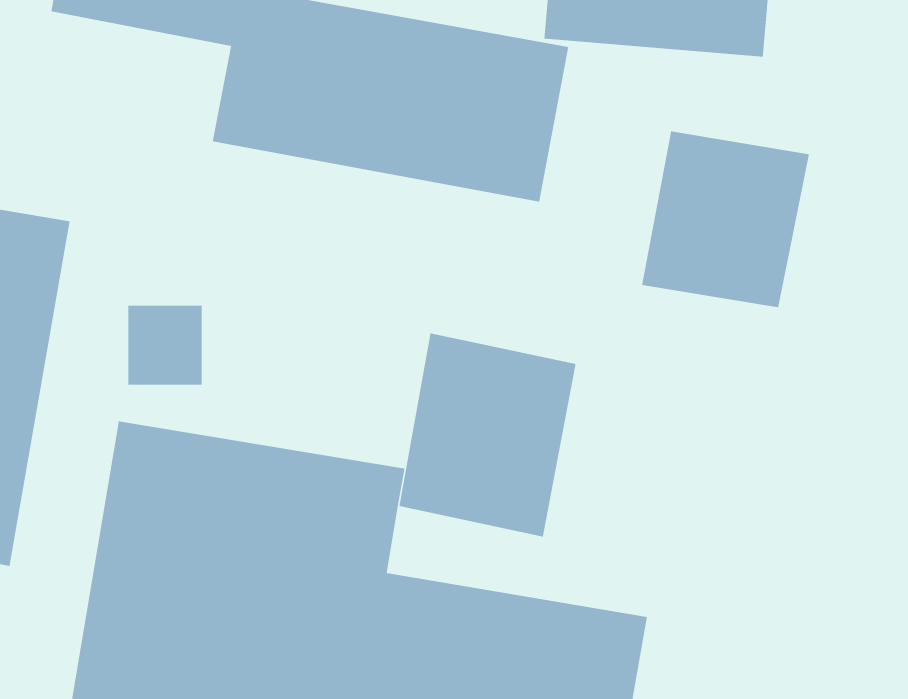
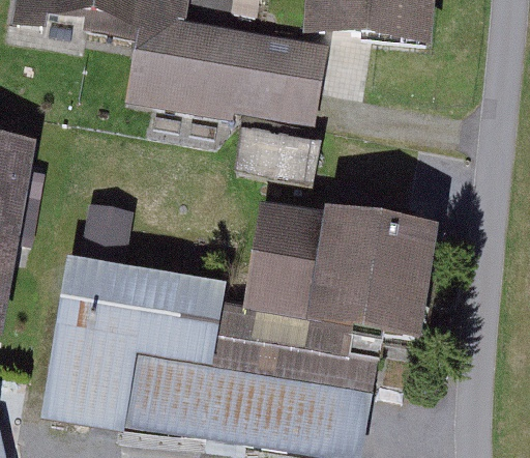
building: [641,130,810,308] -> none
building: none -> [311,227,428,345]

